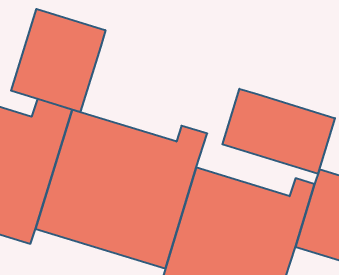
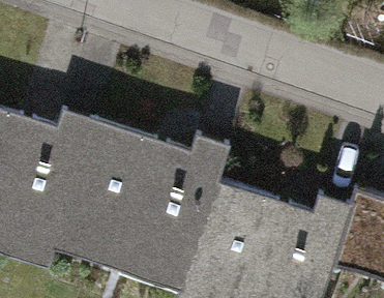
building: [11,9,105,112] -> none
building: [222,89,335,174] -> none

